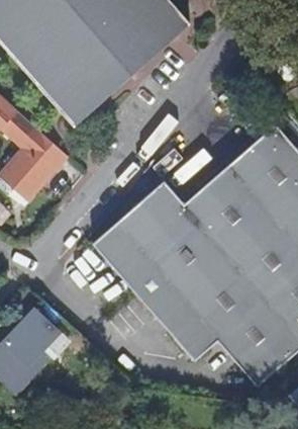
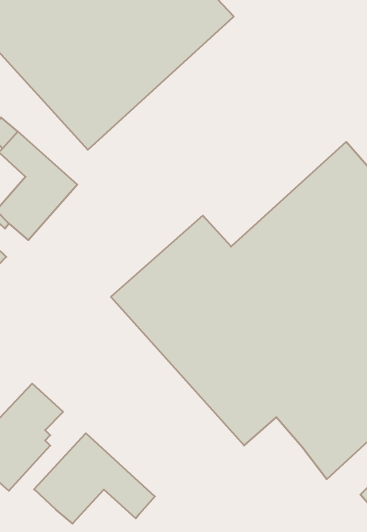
building: none -> [34,433,155,524]

